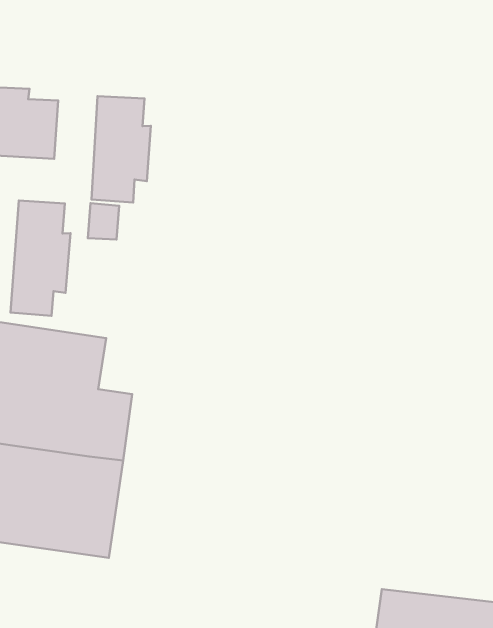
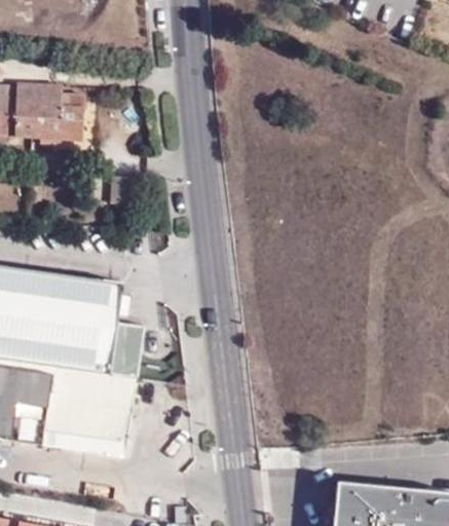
building: [92,96,151,202] -> none
building: [11,201,71,316] -> none

